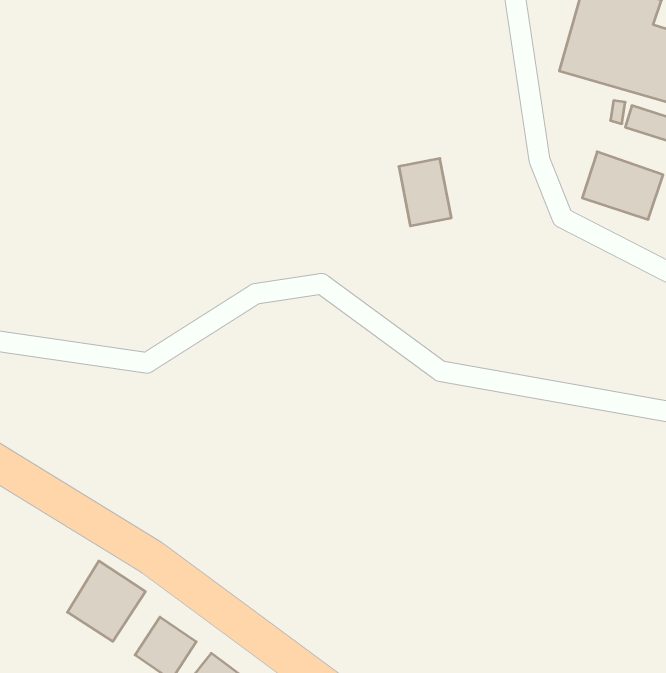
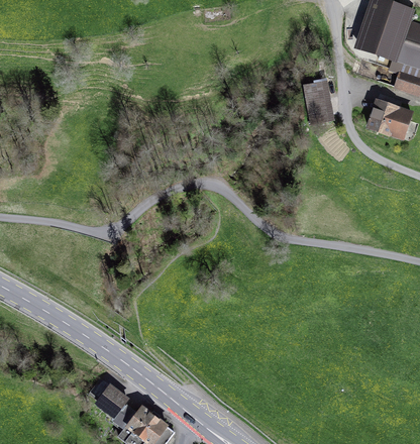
building: [399,158,451,226] -> [304,83,336,124]
building: [67,561,145,641] -> none

